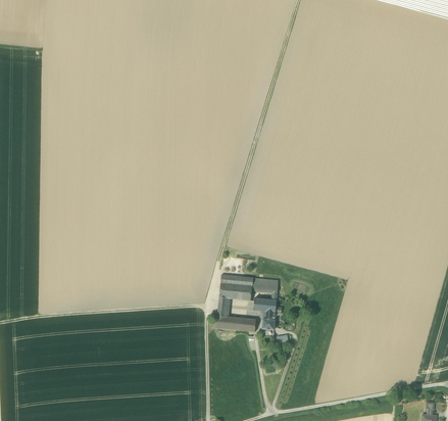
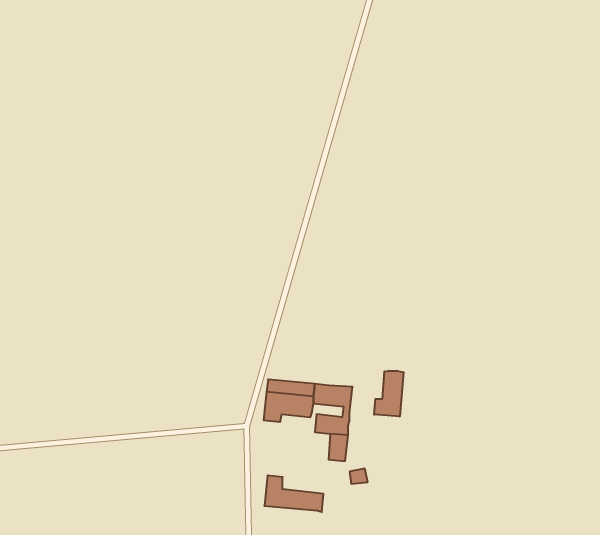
building: none -> [374,371,403,417]
building: [217,308,257,332] -> [264,476,323,512]

